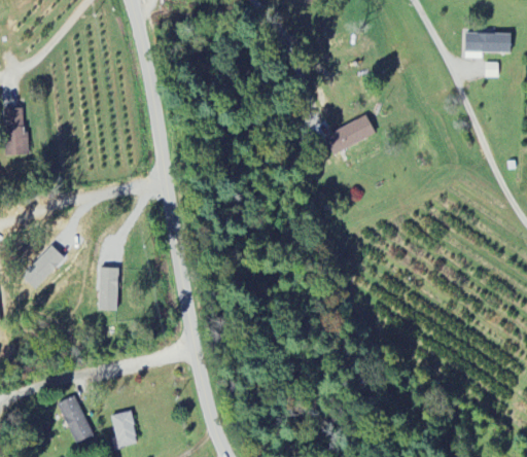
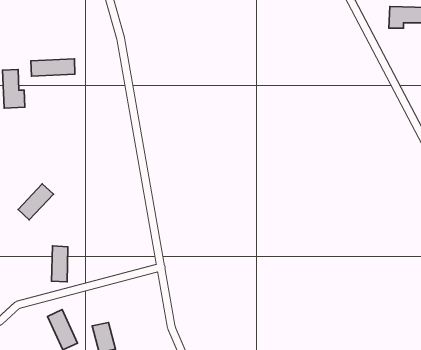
building: none -> [31,59,75,76]
building: [324,115,376,152] -> none
building: [98,266,117,309] -> [52,246,68,282]

